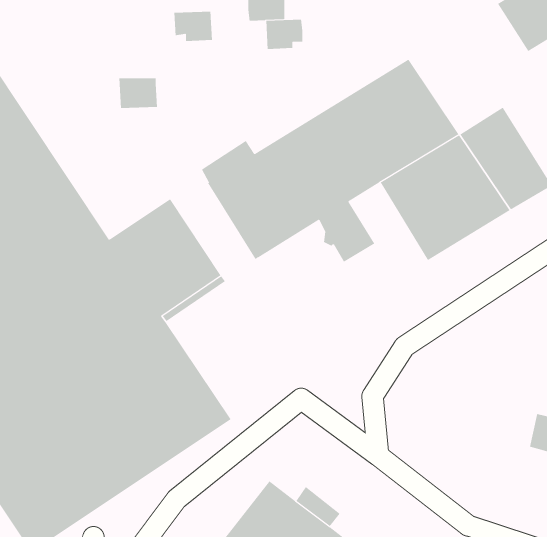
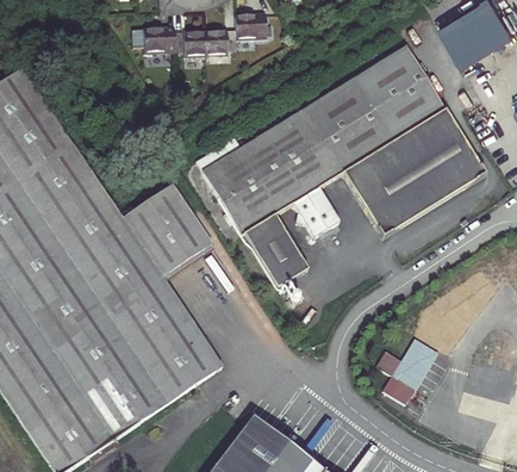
building: [265,19,303,50] -> [205,30,236,55]
building: none -> [367,46,444,132]
building: [119,78,158,108] -> [143,27,175,52]
building: none -> [243,215,307,288]
building: none -> [375,336,428,404]

